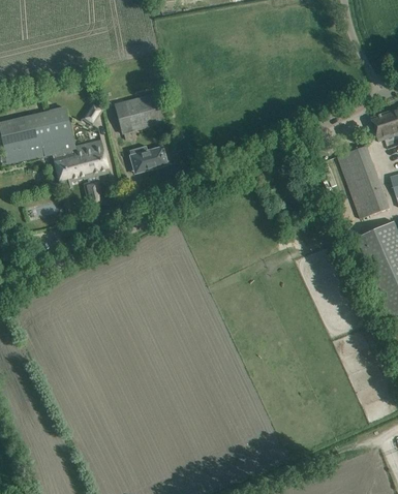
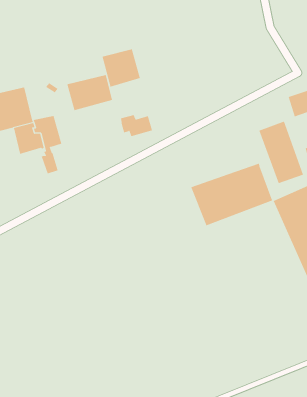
building: none -> [102,48,141,88]
building: [129,145,167,171] -> [120,115,153,137]
building: none -> [191,163,273,226]

